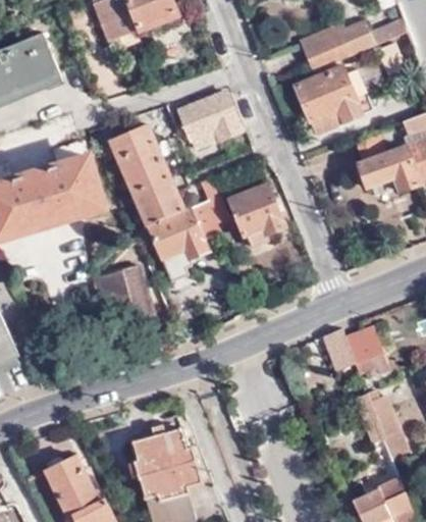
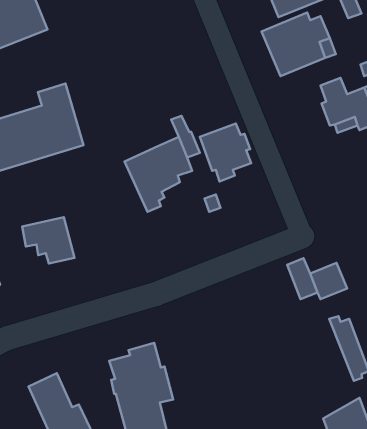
building: [178,95,241,150] -> none
building: [109,123,182,225] -> none
building: [95,267,151,317] -> [22,217,74,264]

